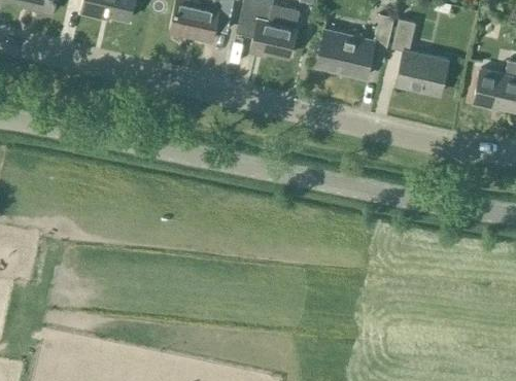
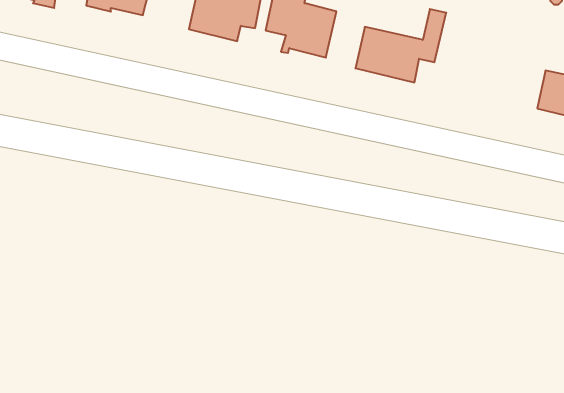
building: [391,19,448,95] -> none

